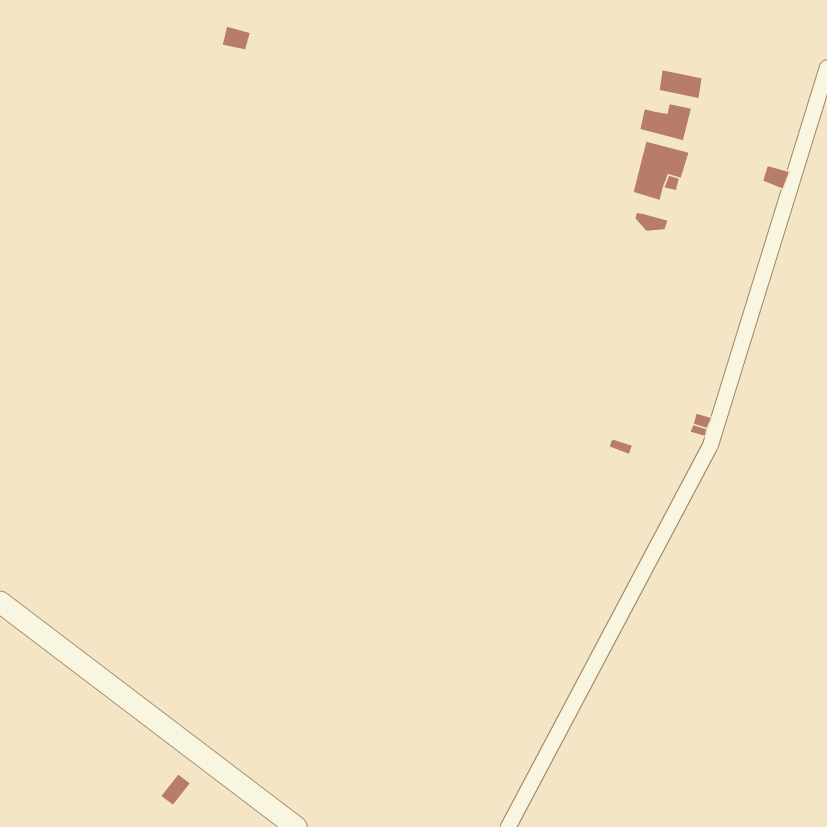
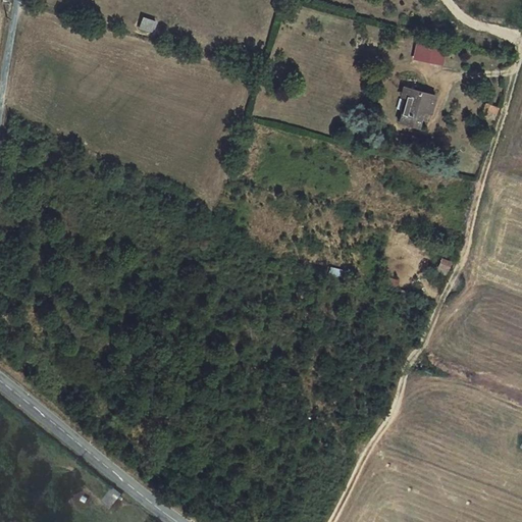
building: [640,103,692,141] -> none

